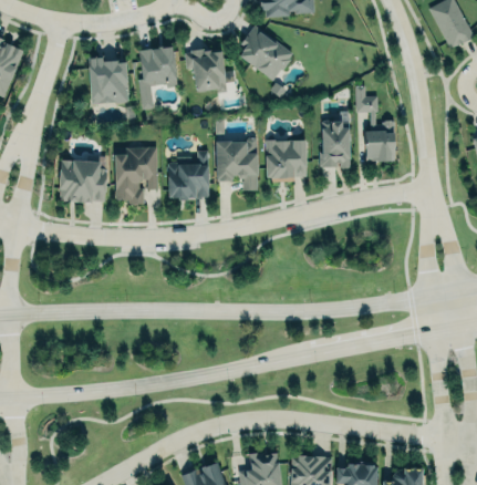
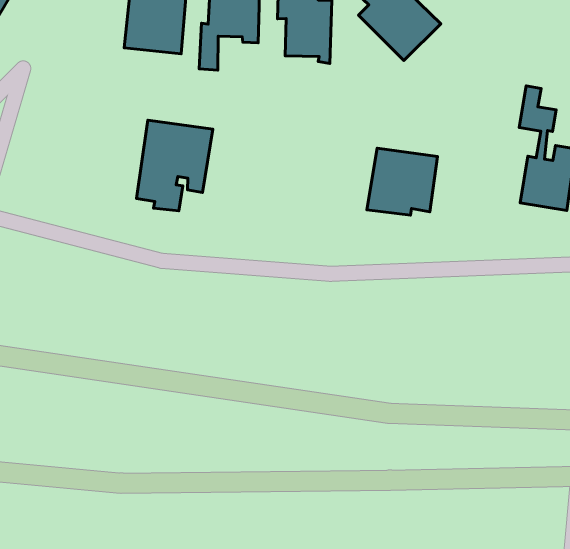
building: [319,120,350,168] -> none
building: [216,137,257,190] -> none
building: [167,151,208,200] -> none
building: [59,159,106,204] -> none

